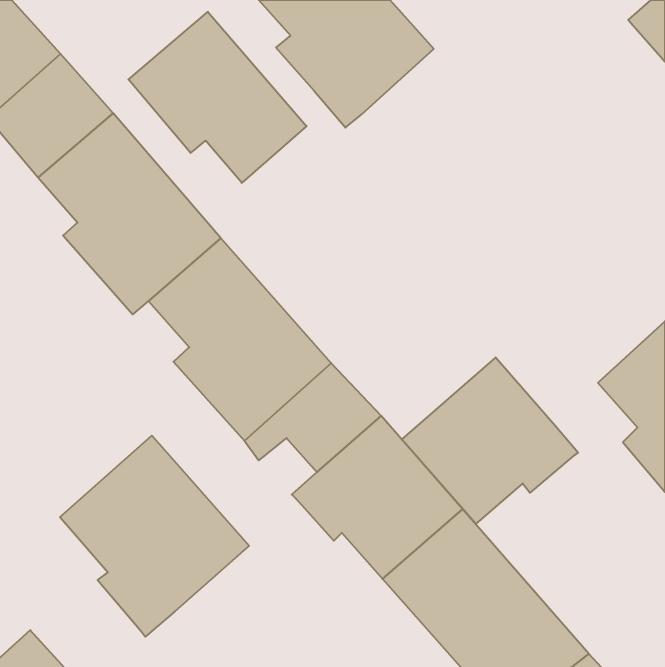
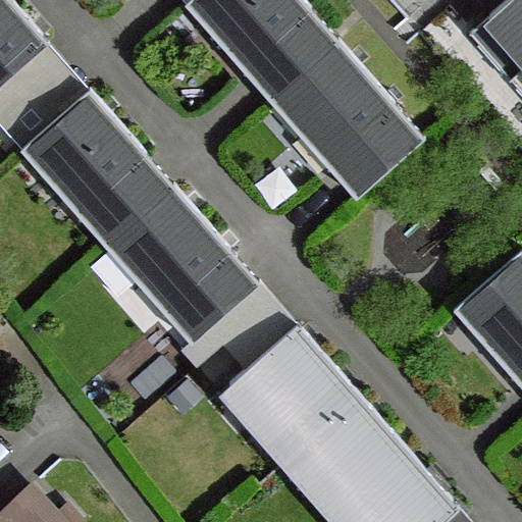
building: [128,12,307,183] -> none
building: none -> [280,42,422,201]
building: [402,357,578,524] -> none
building: [60,436,249,637] -> none

